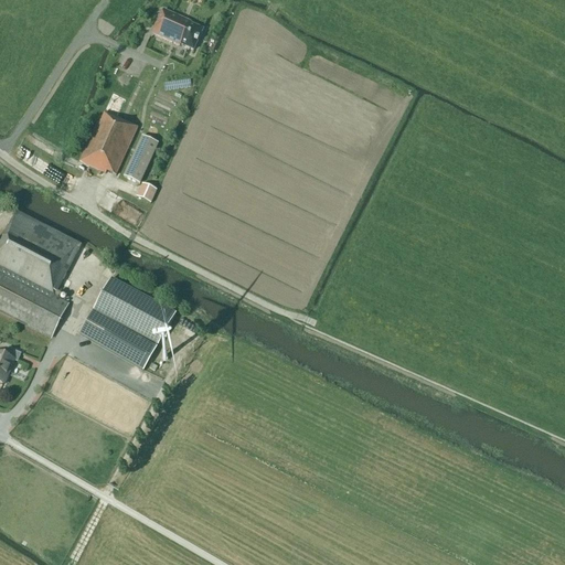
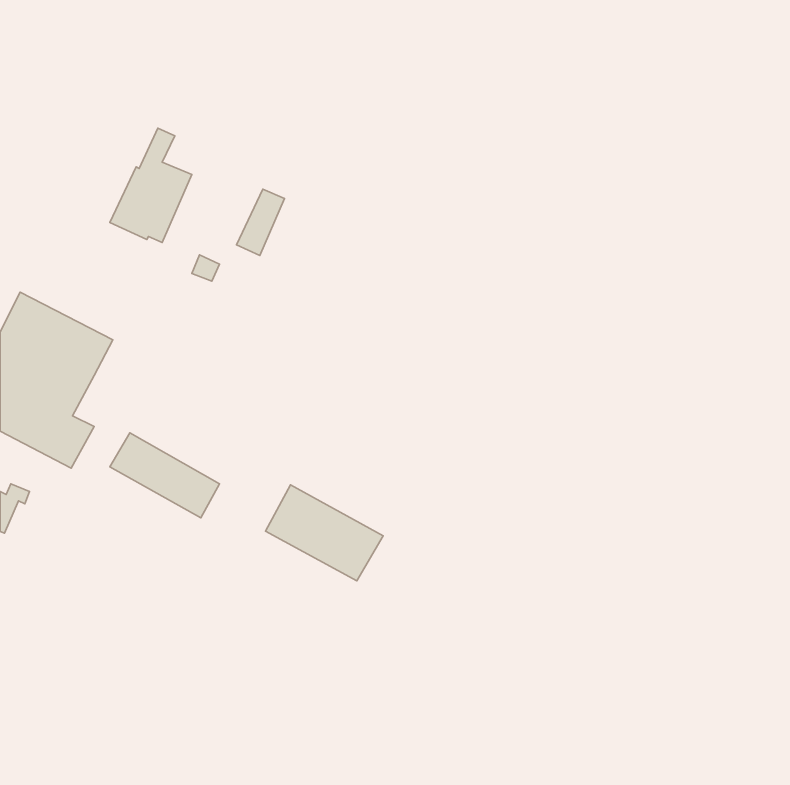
building: [152,8,202,49] -> none
building: [124,135,158,182] -> [236,189,284,256]
building: [93,276,177,344] -> [266,485,383,581]

